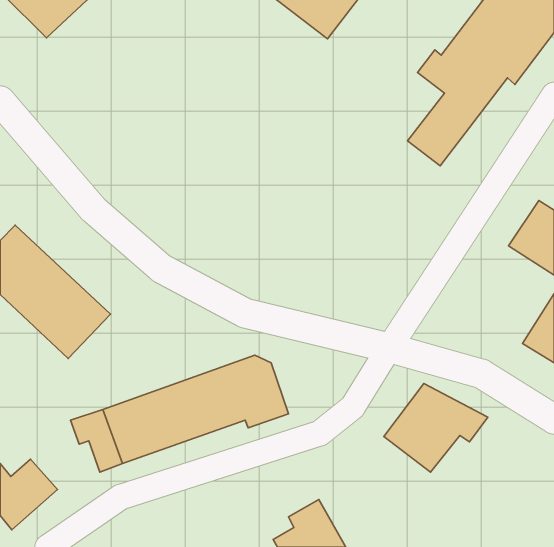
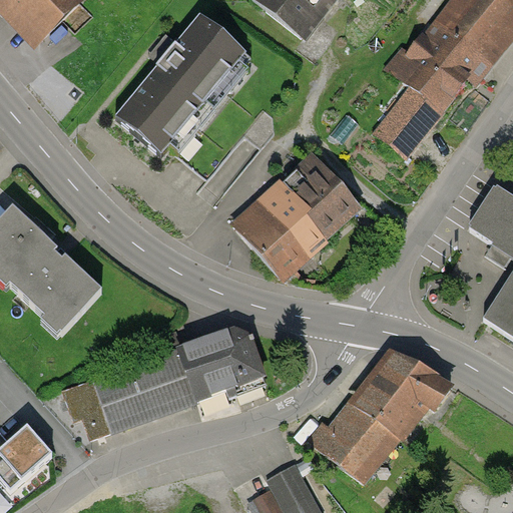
building: none -> [116,14,245,153]
building: none -> [234,156,357,276]
building: none -> [311,401,398,482]

